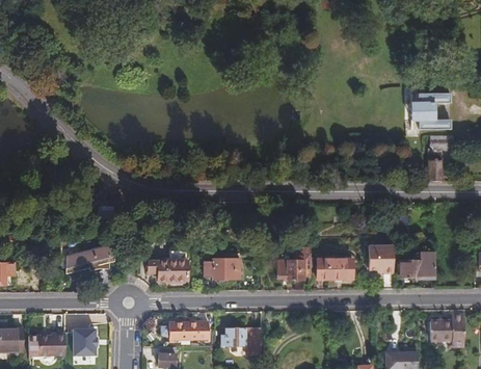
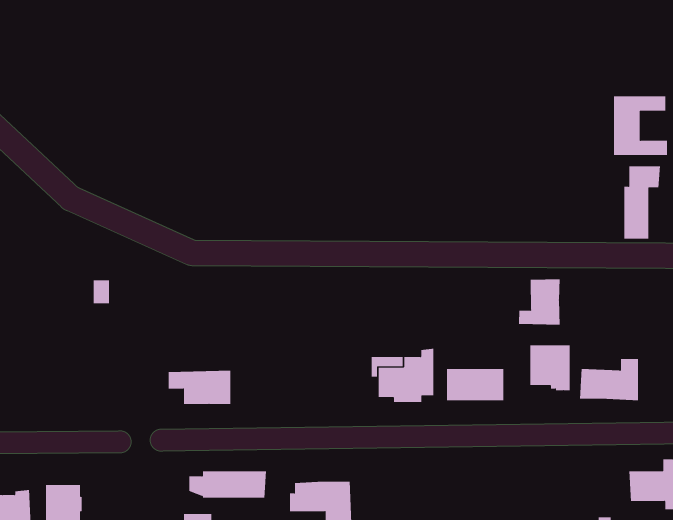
building: none -> [518,279,560,325]
building: [65,242,114,272] -> none
building: [205,259,240,279] -> none

